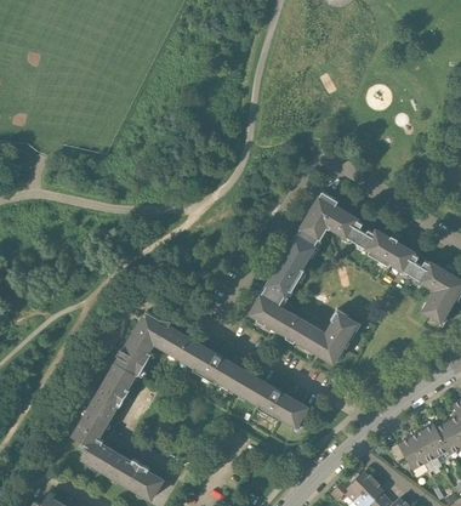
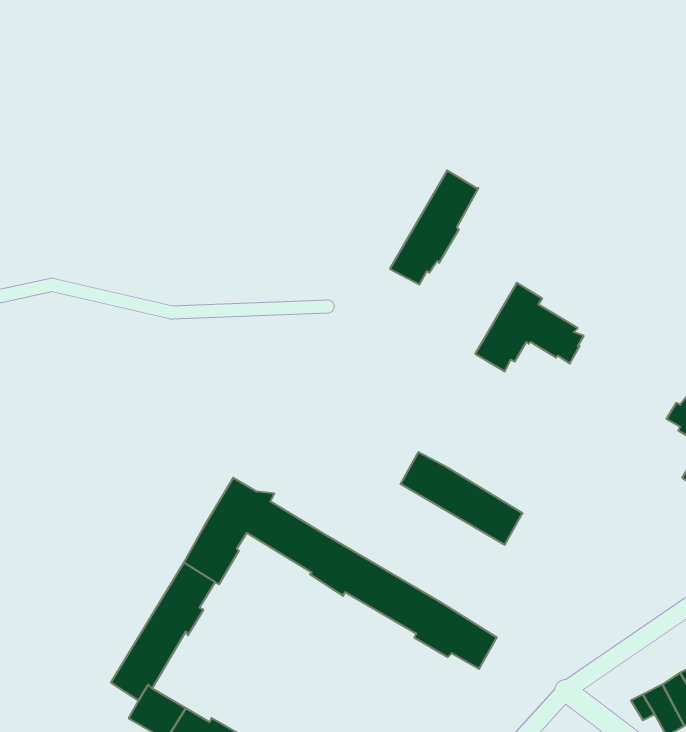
building: [353,228,419,274] -> none
building: [260,234,314,305] -> [390,170,479,285]
building: [313,311,357,363] -> none

